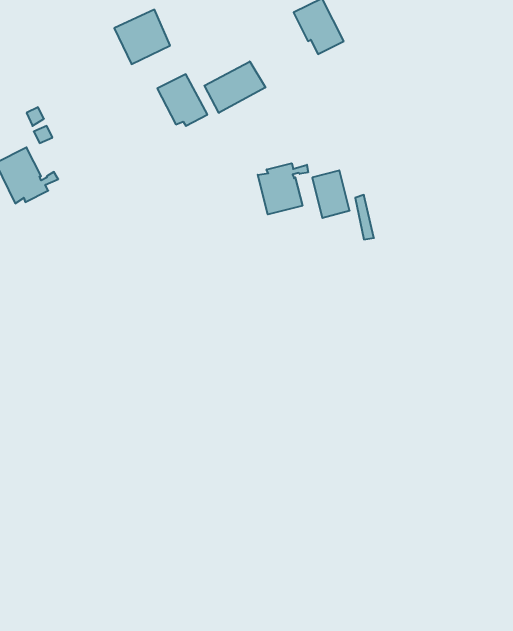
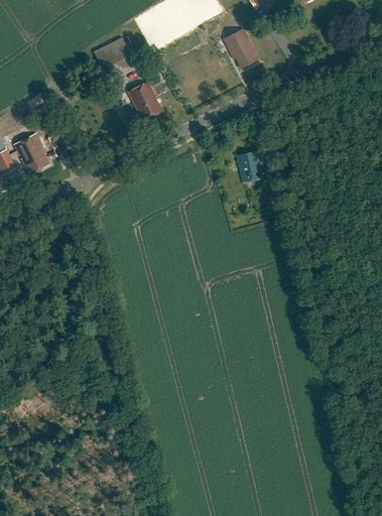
building: [204,61,265,113] -> none
building: [258,163,308,214] -> none

